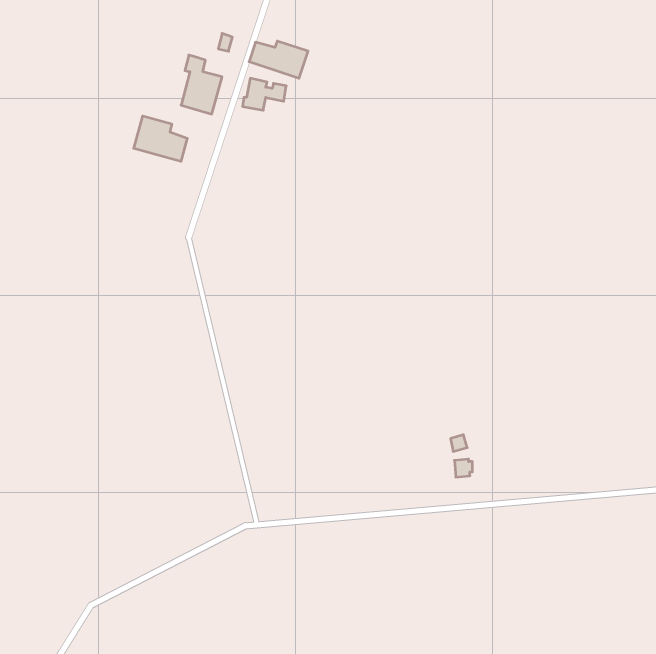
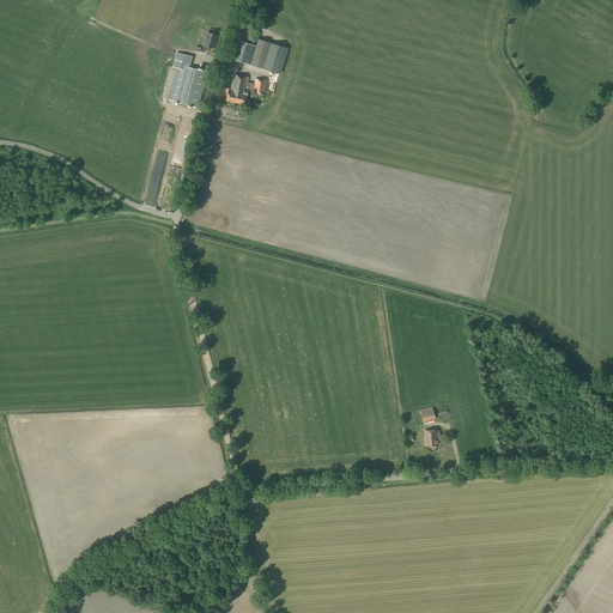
building: [134,116,187,161] -> none

